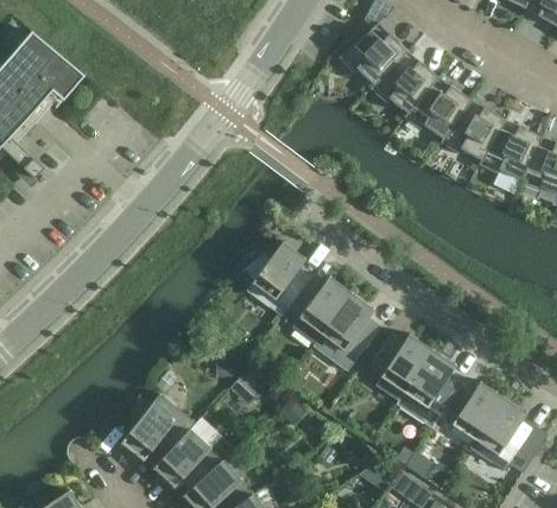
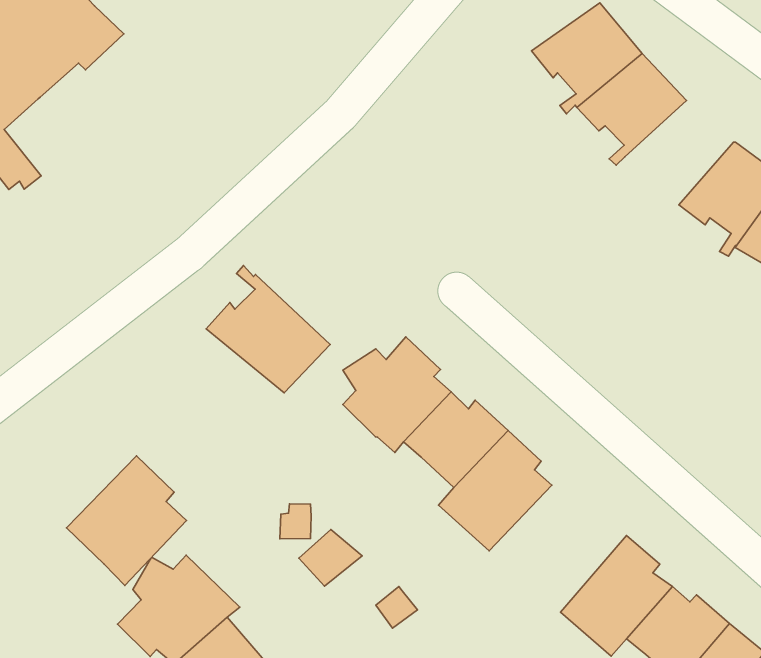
building: [404,77,470,148] -> none
building: none -> [206,265,330,393]
building: [368,332,431,400] -> none
building: none -> [67,456,186,585]

